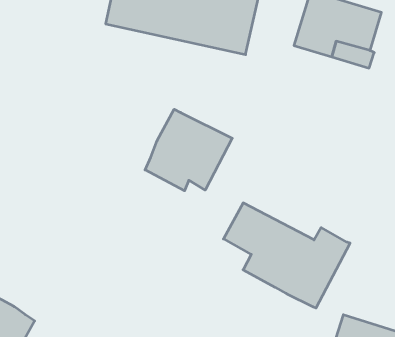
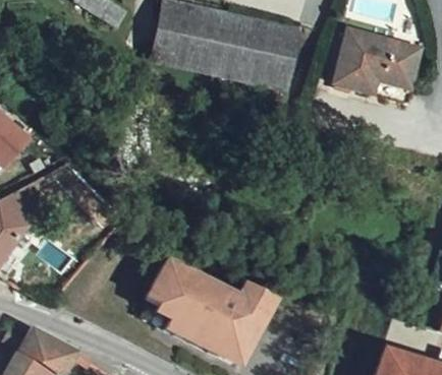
building: [145,109,232,191] -> none
building: [223,203,350,308] -> [153,259,278,363]

